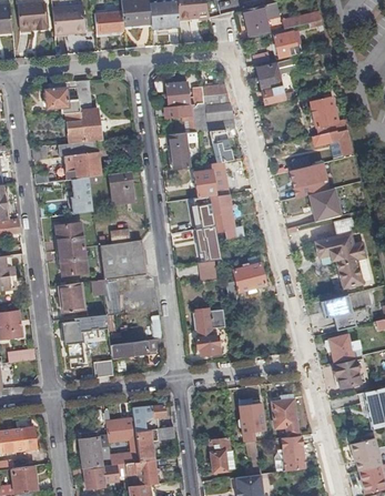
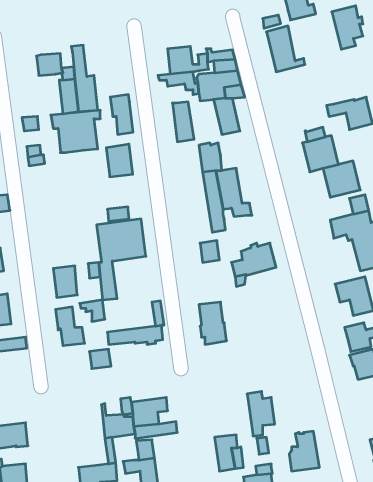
building: [310,94,338,134] -> [332,6,363,49]
building: [71,176,92,213] -> [110,95,133,134]
building: [55,222,85,274] -> none
building: [271,399,296,434] -> none
building: [80,436,102,468] -> none

